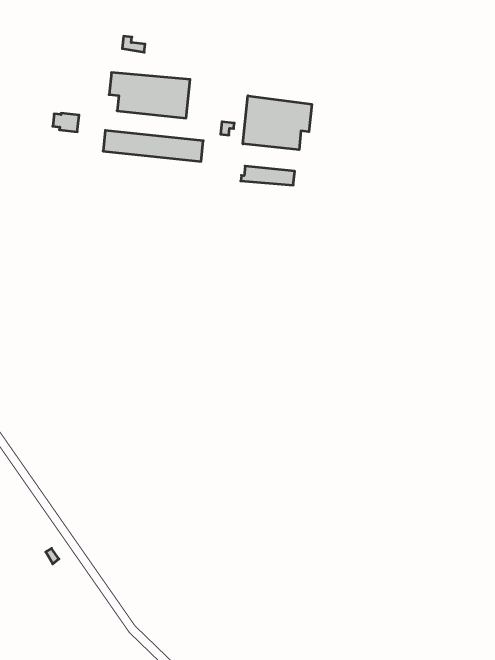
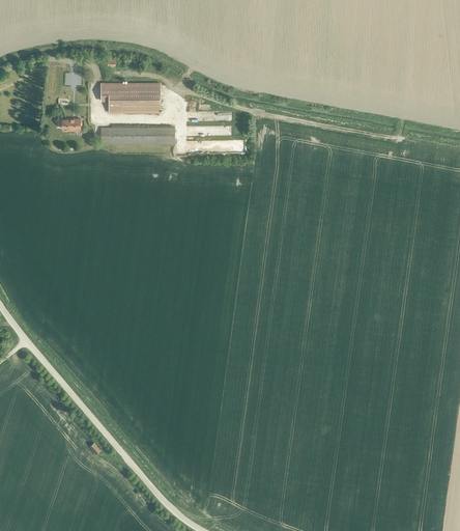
building: [243,96,312,150] -> none

